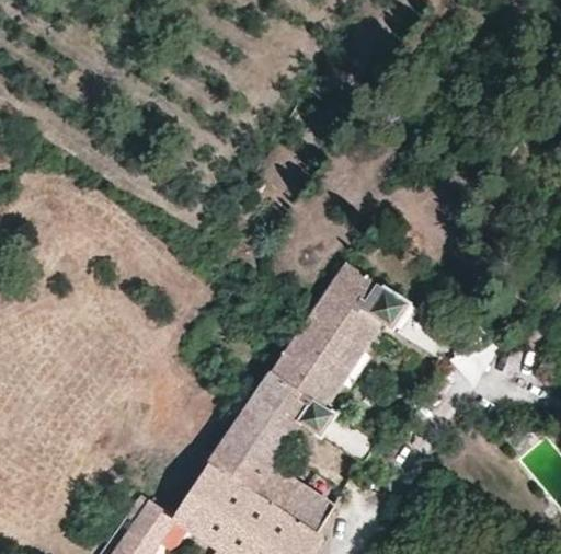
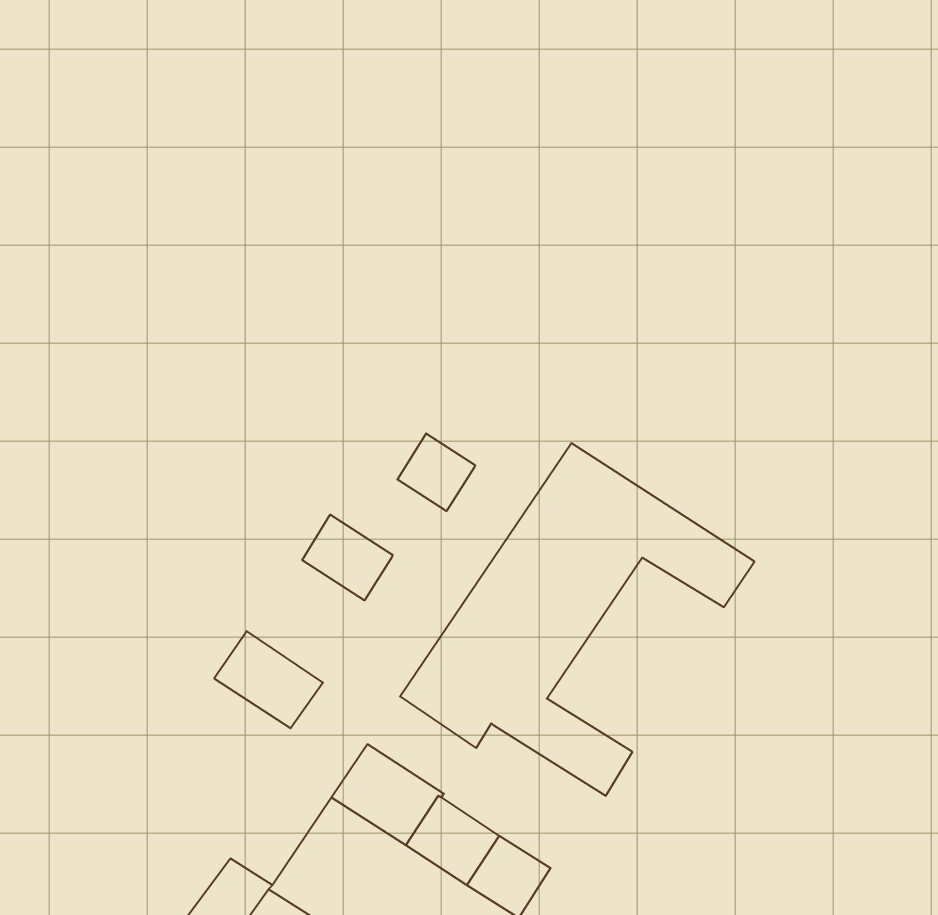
building: none -> [397,433,475,511]
building: none -> [302,515,393,600]
building: [226,408,288,464] -> [214,631,323,728]

